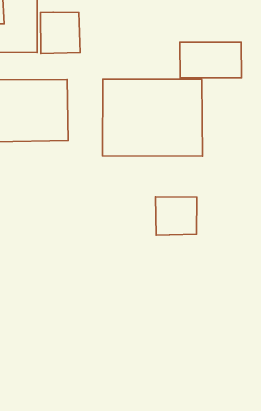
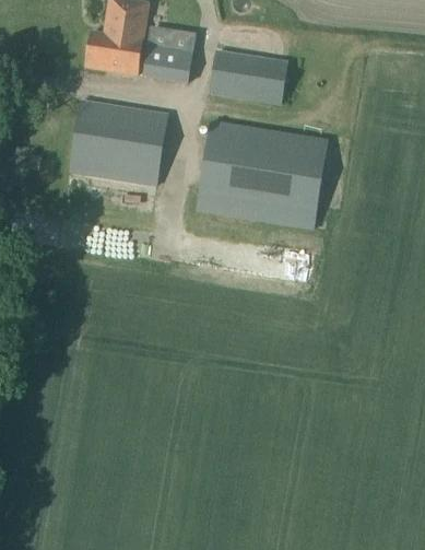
building: [180,42,242,78] -> [208,50,287,105]
building: [155,197,197,235] -> none

